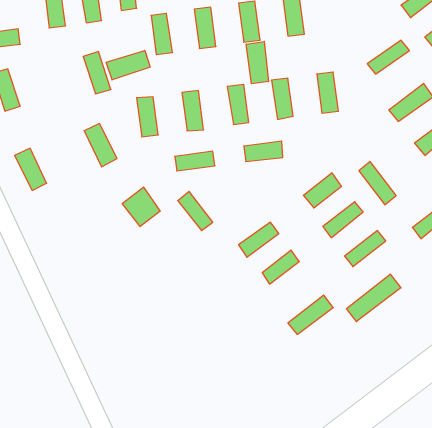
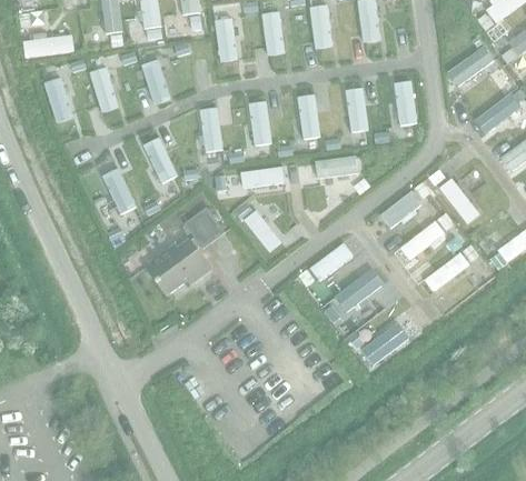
building: [246,41,268,84] -> none
building: [106,50,150,80] -> none
building: none -> [89,67,119,112]
building: [15,148,47,190] -> [101,168,136,213]
building: none -> [145,240,210,295]
building: [347,274,401,322] -> none

